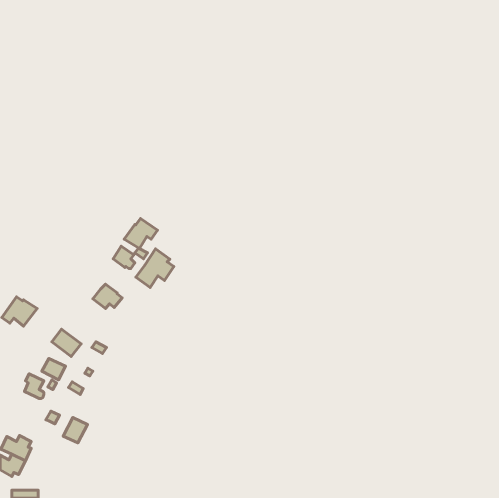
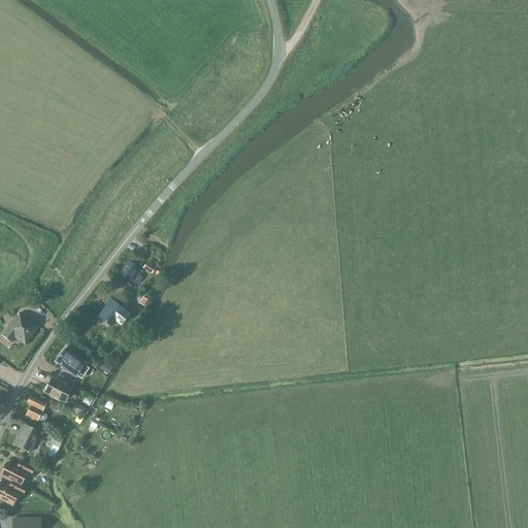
building: [124,219,157,248] -> none
building: [136,249,174,287] -> none
building: [63,418,88,443] -> [14,424,40,451]

